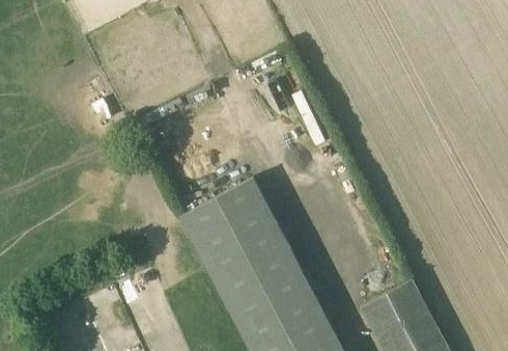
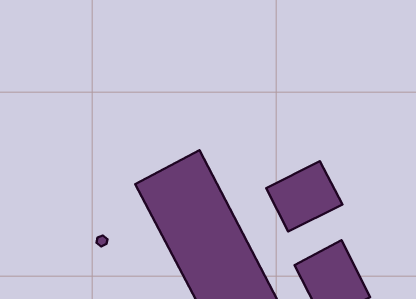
building: none -> [266,161,343,231]

